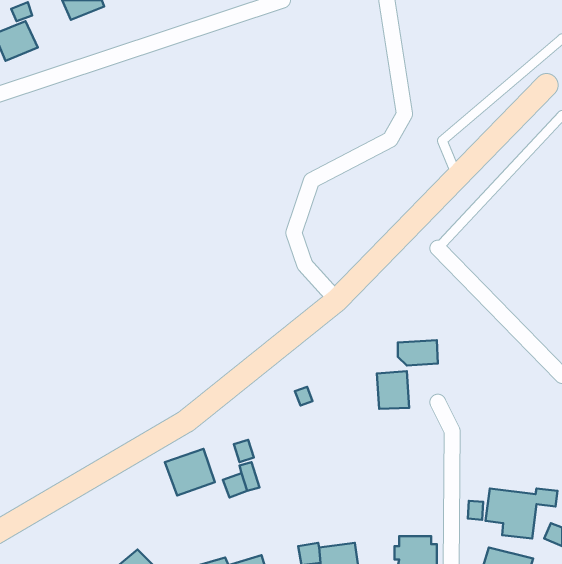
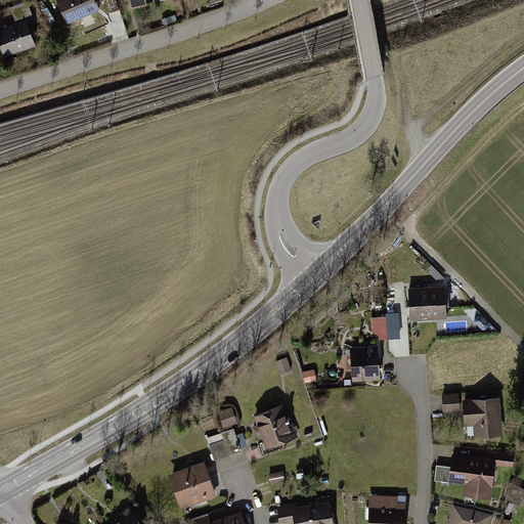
building: none -> [408,288,446,319]
building: none -> [440,398,497,434]
building: none -> [252,404,294,448]
building: [165,449,215,495] -> [169,463,215,506]

